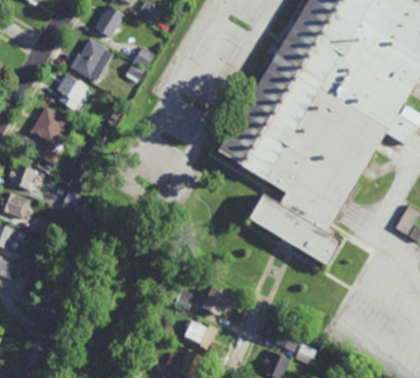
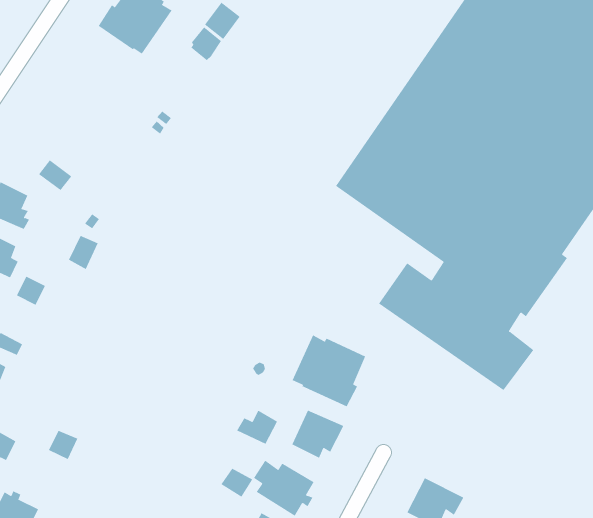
building: [56,74,87,110] -> none
building: [30,106,71,144] -> none
building: none -> [292,335,366,407]

